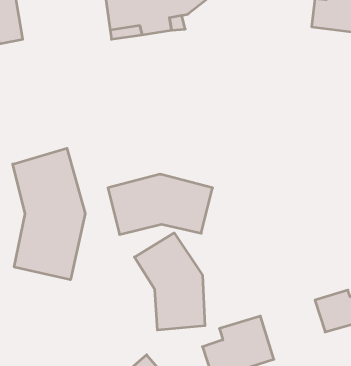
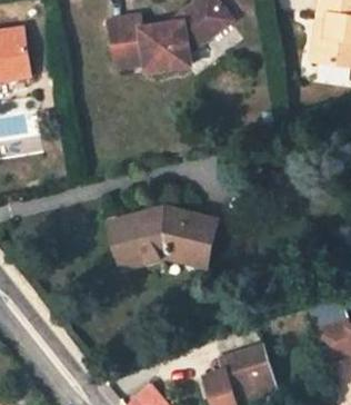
building: [13,148,85,280] -> none
building: [134,233,205,330] -> none

